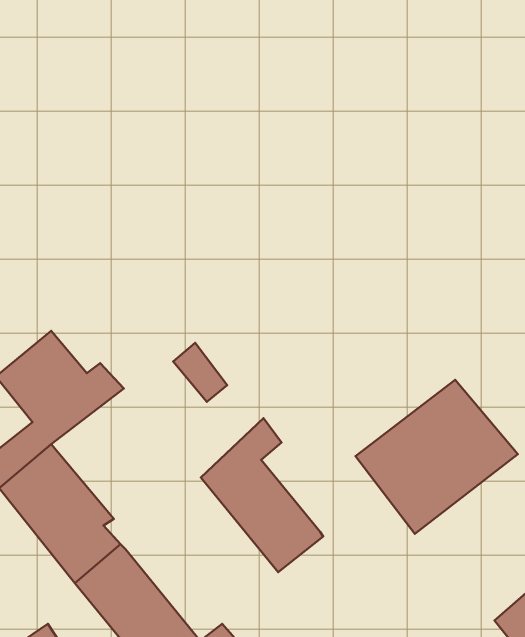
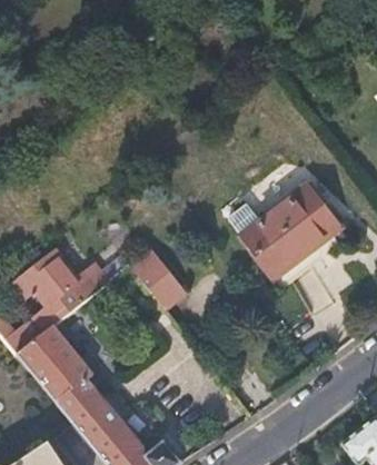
building: [355,380,518,534] -> [240,185,347,286]
building: [201,418,323,572] -> none

